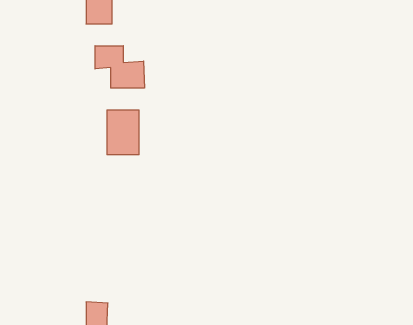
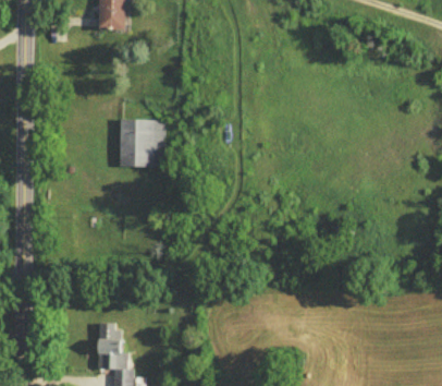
building: [95,46,144,88] -> none

